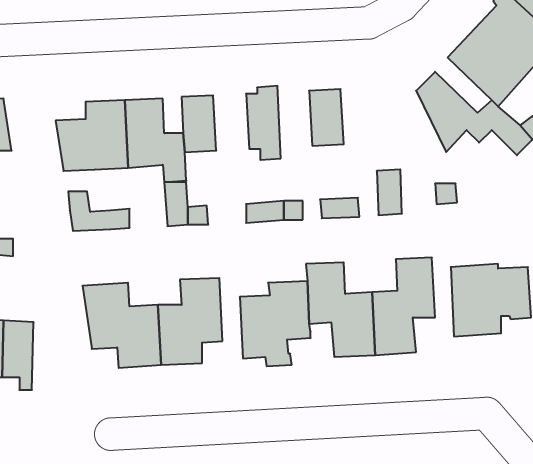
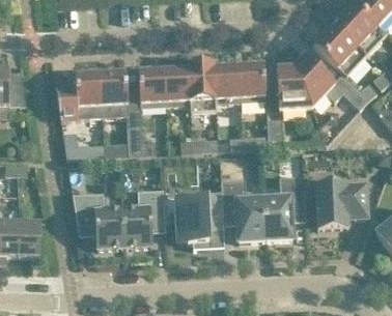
building: none -> [201,62,224,111]
building: none -> [243,64,265,102]
building: none -> [276,66,312,109]
building: none -> [159,68,183,106]

